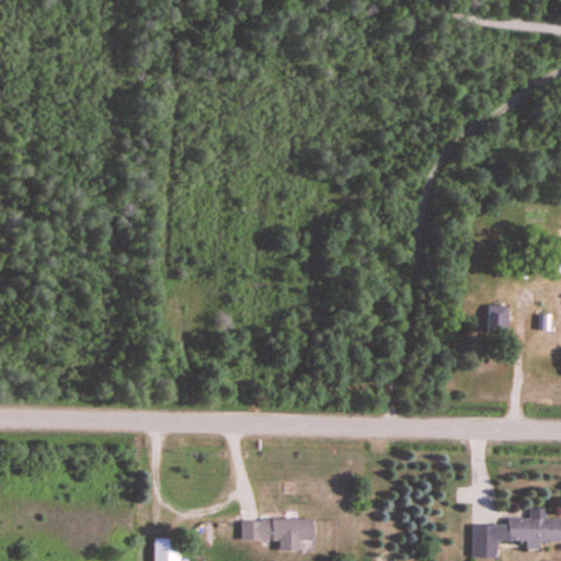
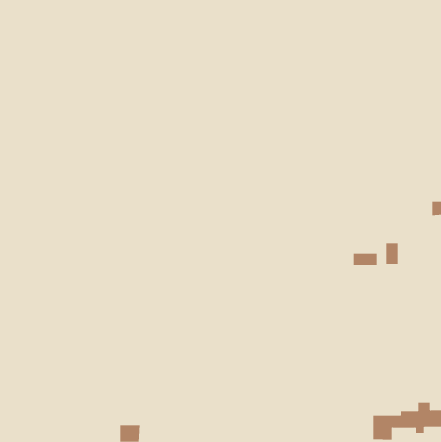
building: none -> [353,253,377,266]
building: [242,518,314,551] -> none

